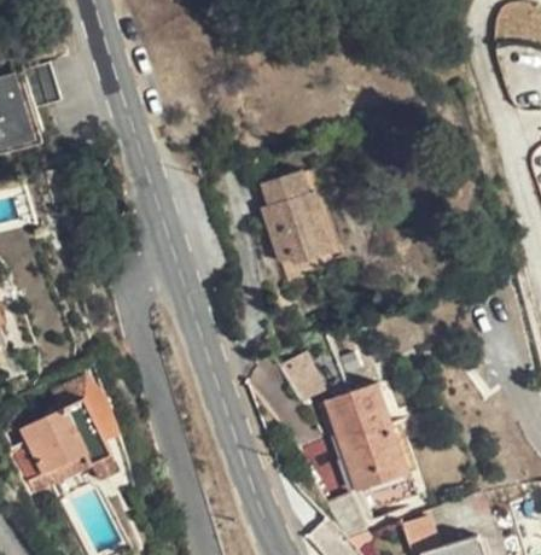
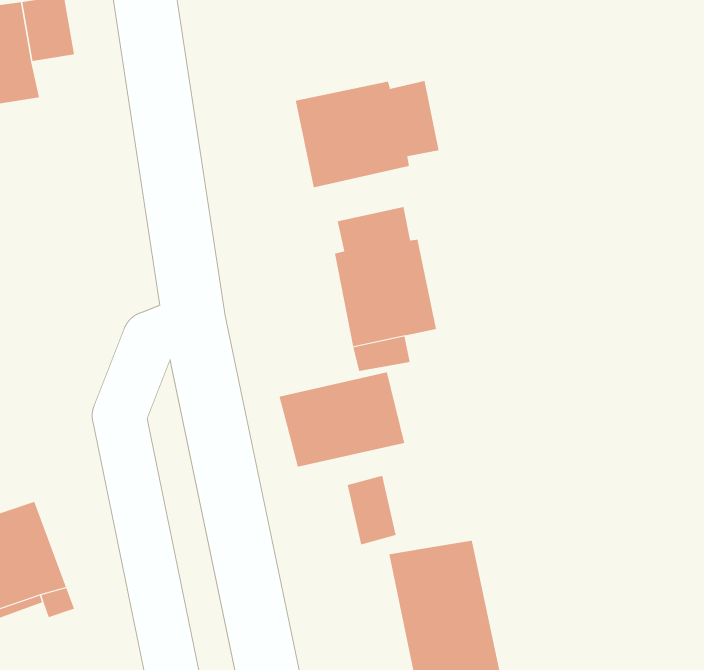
building: none -> [295,80,439,188]
building: none -> [279,371,405,467]

